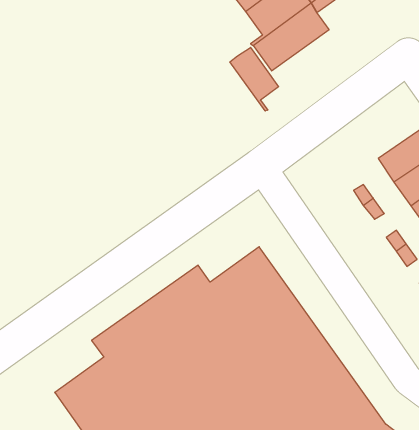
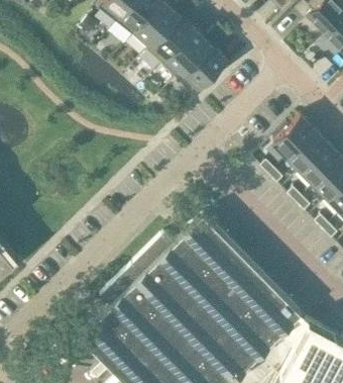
building: [230,47,279,111] -> none

